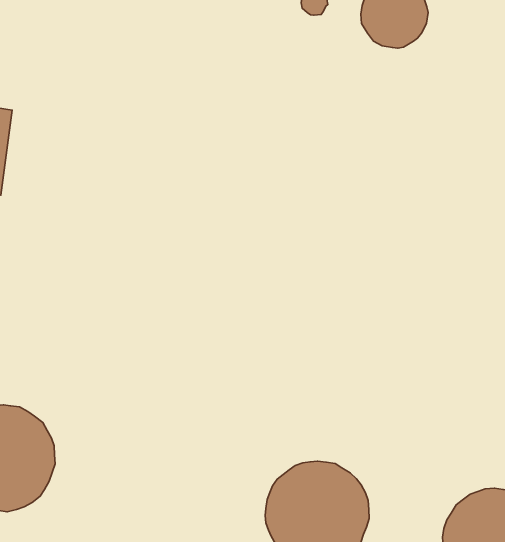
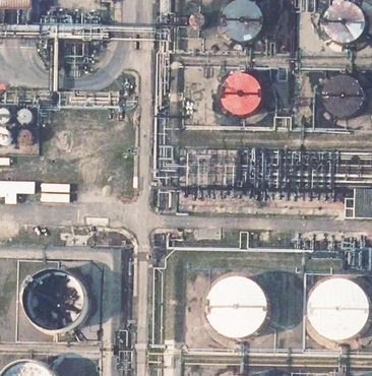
building: none -> [223,75,260,113]

